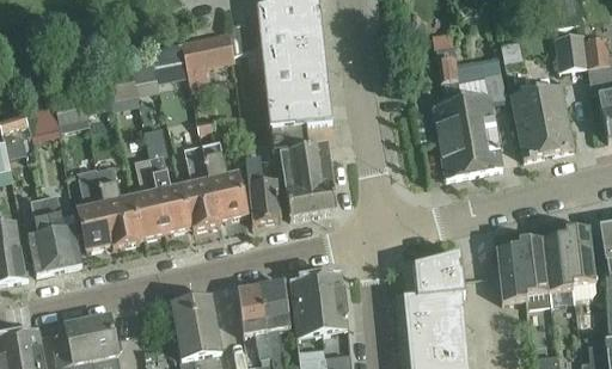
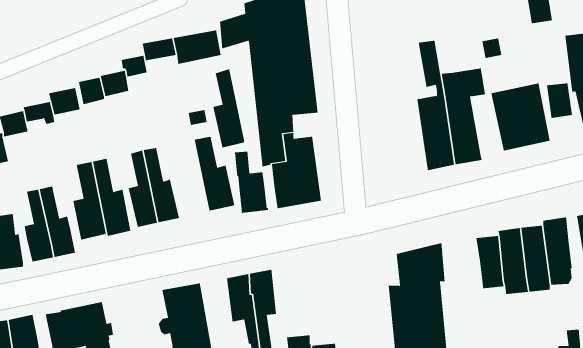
building: [555,35,582,72] -> [546,83,573,119]
building: [185,146,219,228] -> [213,69,245,148]
building: [289,270,348,337] -> none

